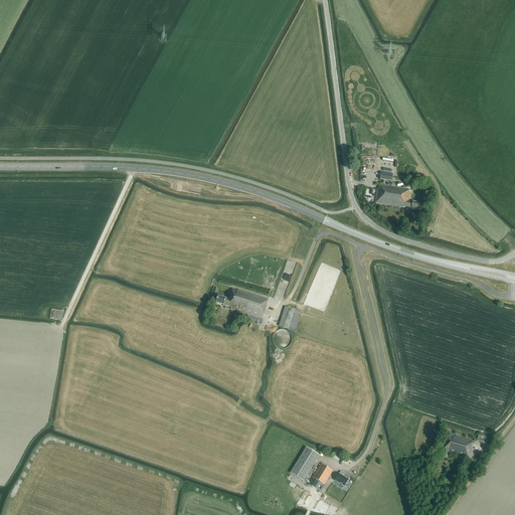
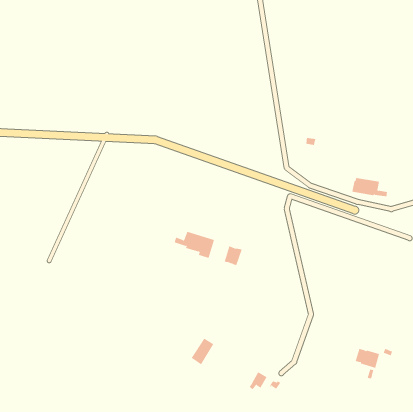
building: [375,184,420,208] -> [352,177,388,197]
building: [291,447,320,481] -> [191,338,214,365]

